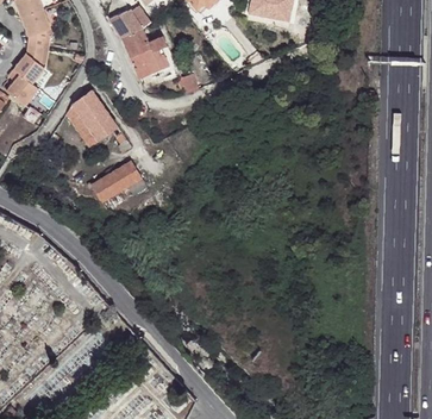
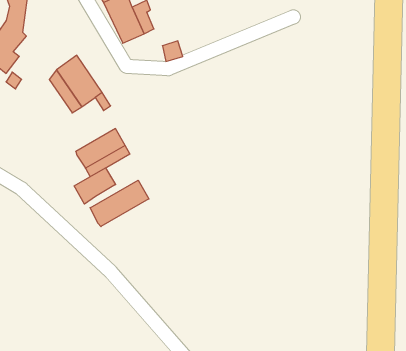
building: none -> [74,168,116,204]
building: none -> [90,180,149,227]

